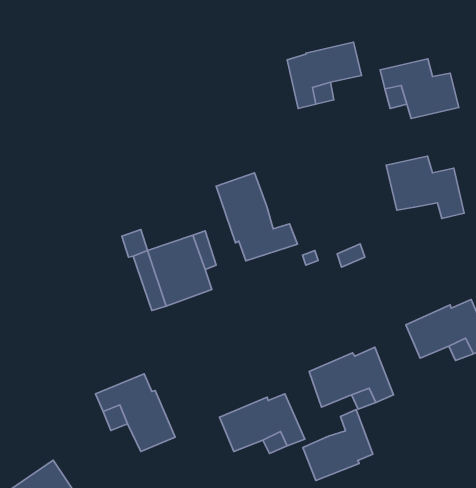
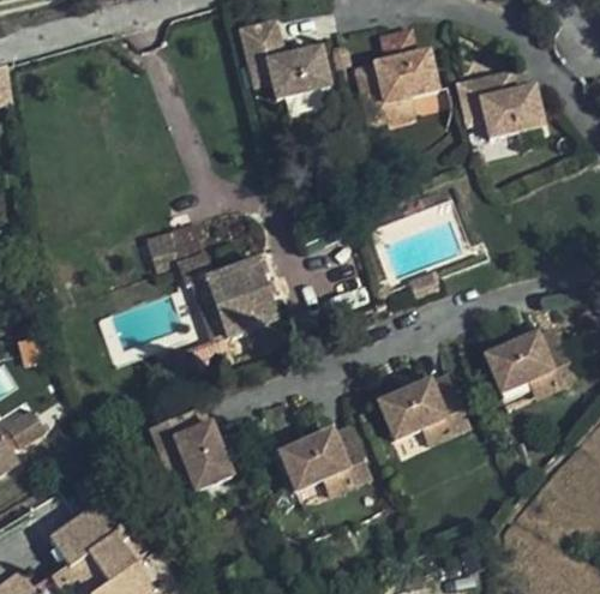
building: none -> [233,17,323,95]
building: [386,156,464,218] -> none
building: [216,173,297,261] -> none
building: [303,410,373,481] -> none

